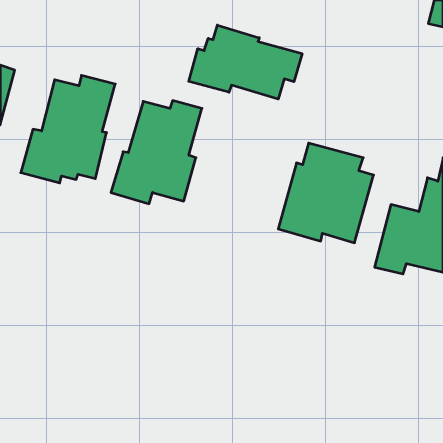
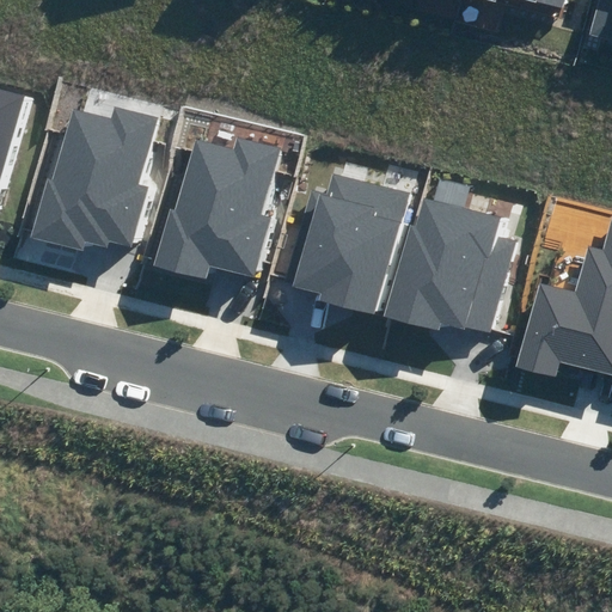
building: [189,25,302,99] -> none
building: none -> [286,173,410,317]

